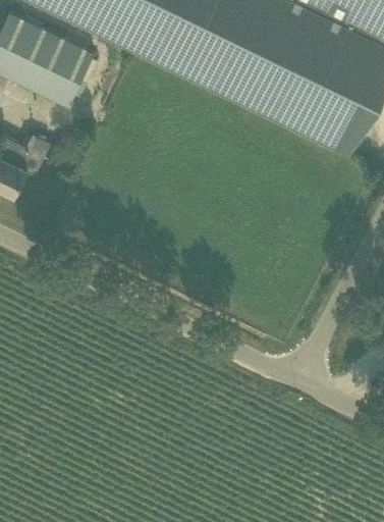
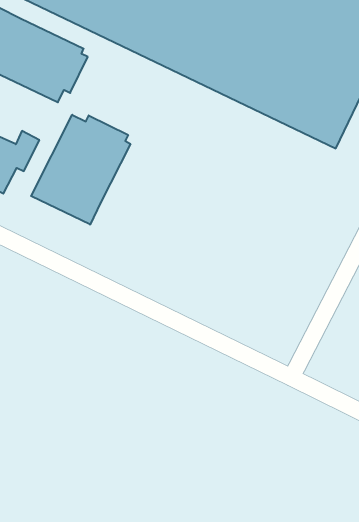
building: none -> [31,115,130,225]

